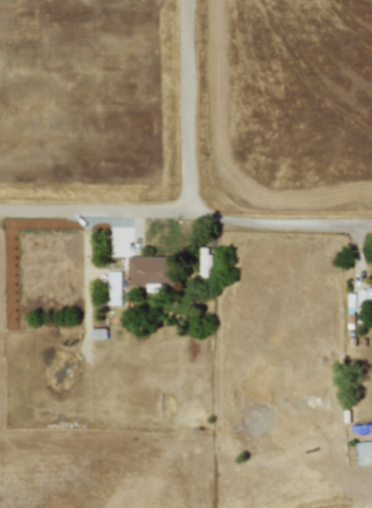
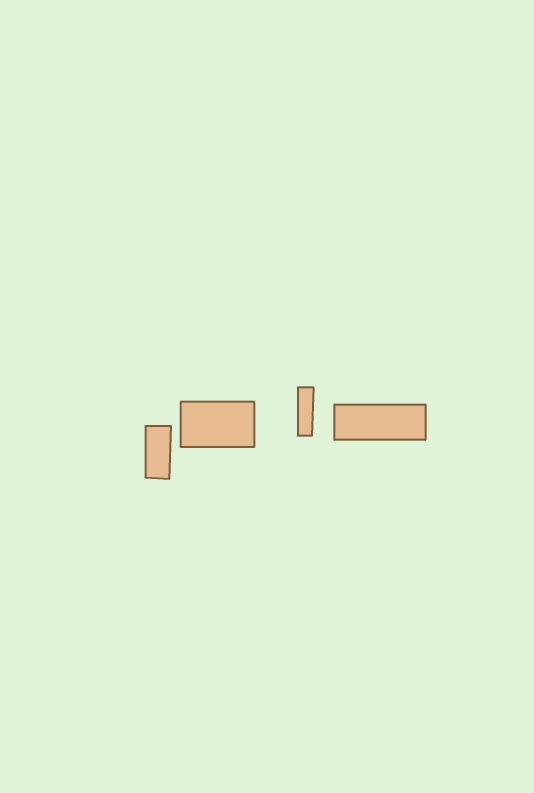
building: none -> [334,404,425,440]

